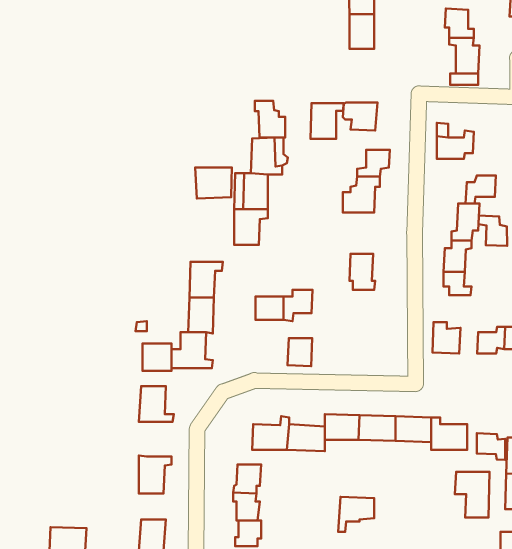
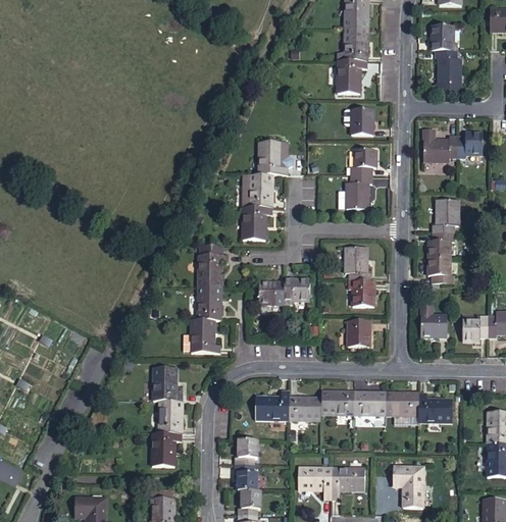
building: [255,101,285,137] -> none
building: [310,103,344,139] -> [336,59,366,92]
building: [195,167,232,199] -> none
building: [466,175,496,203] -> [456,128,484,154]
building: [479,216,507,246] -> none
building: none -> [346,278,373,304]
building: [288,338,312,366] -> [345,319,367,345]
building: [143,343,171,371] -> none
building: none -> [159,399,183,430]
building: [477,433,505,460] -> none
building: [455,472,490,518] -> [396,465,427,507]
building: none -> [302,467,336,499]

